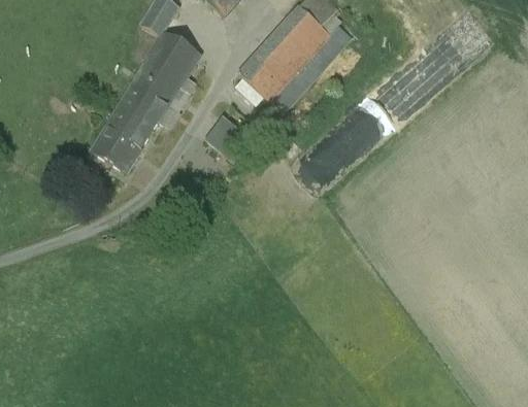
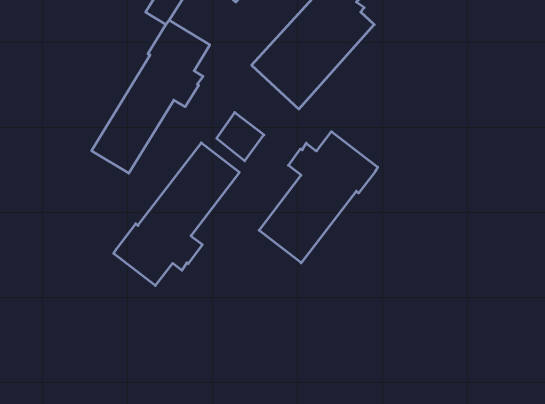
building: none -> [259,132,378,263]
building: none -> [114,143,239,286]

